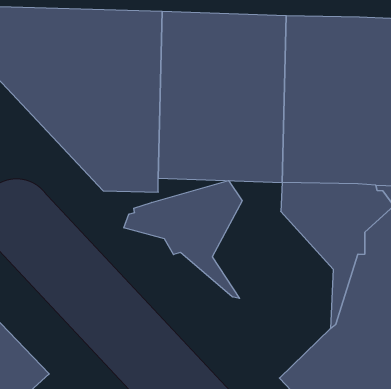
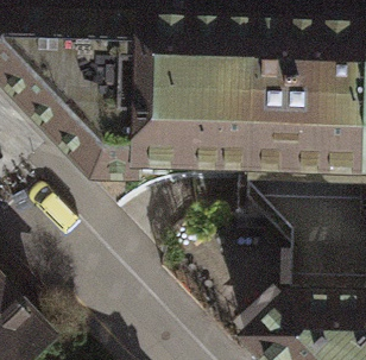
building: [124,181,242,298] -> none

